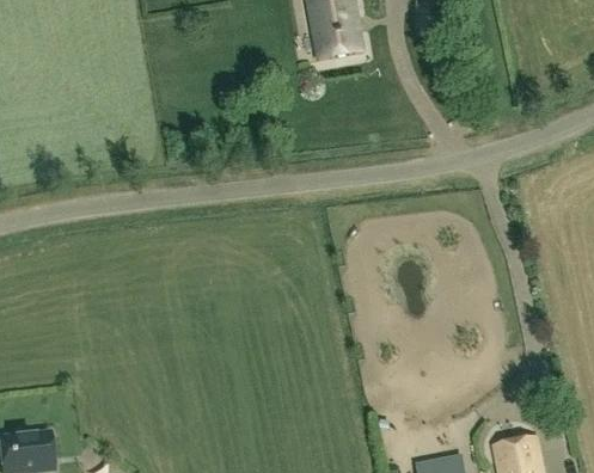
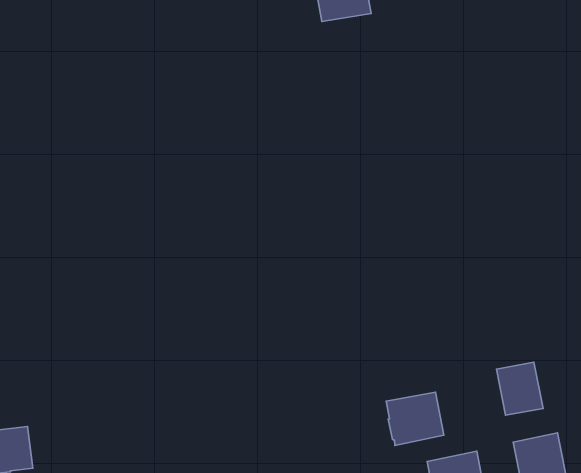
building: none -> [496,362,543,415]
building: none -> [386,392,444,445]

